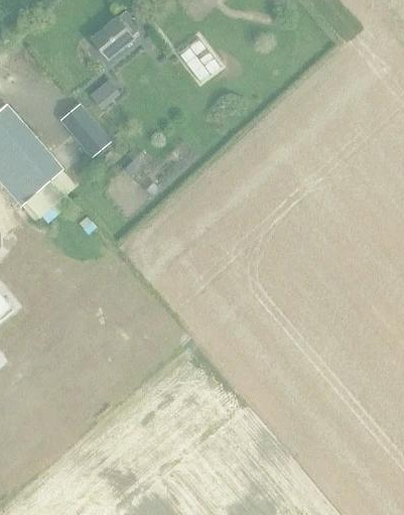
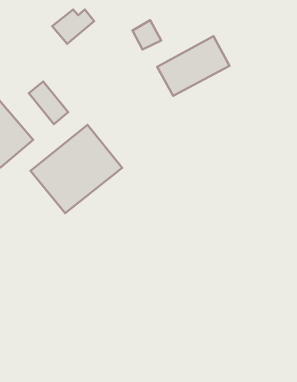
building: none -> [157,36,229,96]
building: none -> [31,125,122,213]

